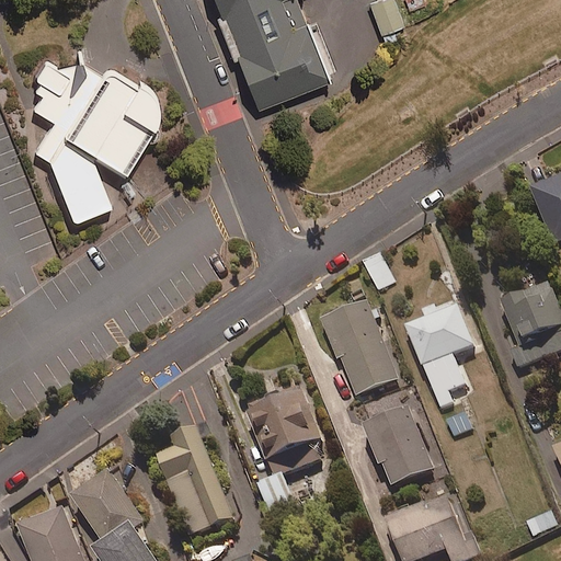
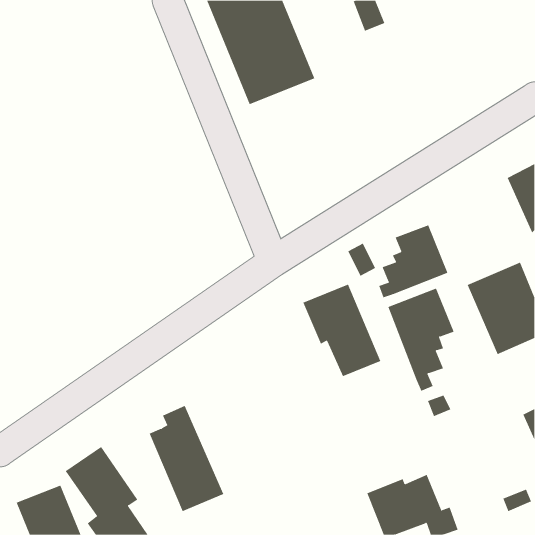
building: [34,60,157,222] -> none
building: none -> [379,224,448,298]
building: [243,386,327,512] -> none
building: [363,402,436,485] -> none

